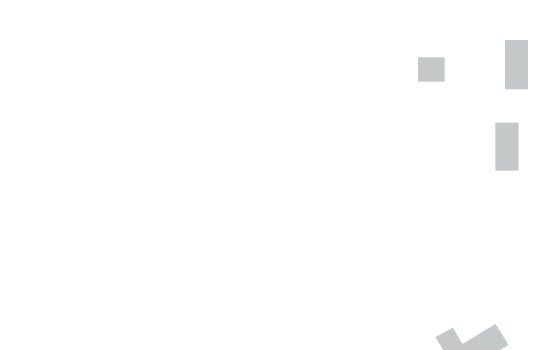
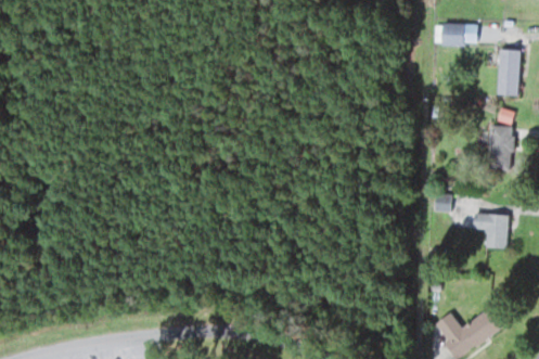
building: [417,57,445,83] -> [439,22,465,46]
building: none -> [472,214,508,248]

